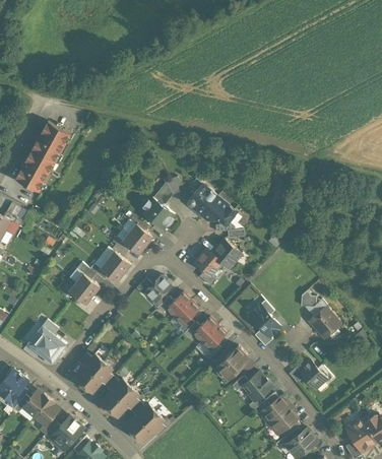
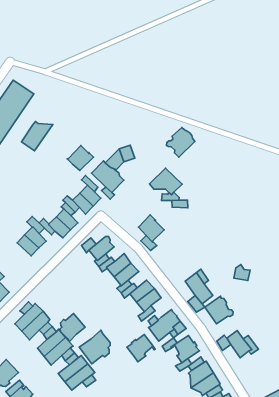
building: none -> [21,121,53,151]
building: none -> [67,145,94,171]
building: [187,185,216,216] -> [167,128,195,157]
building: [210,240,241,269] -> none
building: [309,308,339,337] -> [205,296,233,324]
building: none -> [60,314,85,341]
building: none -> [127,335,155,362]
building: none -> [79,330,110,364]

